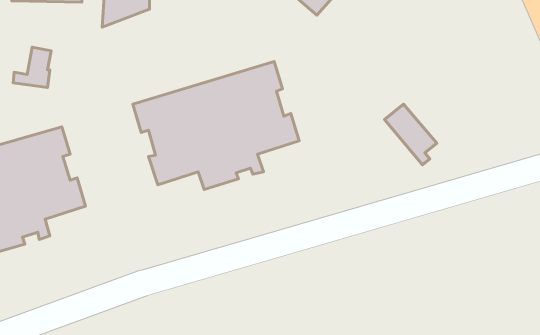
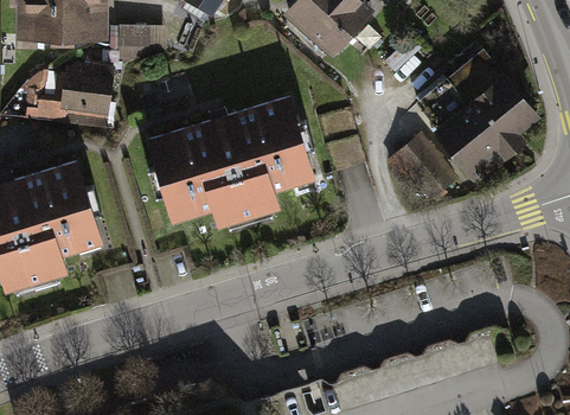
building: none -> [420,55,536,179]
building: none -> [64,68,114,116]

